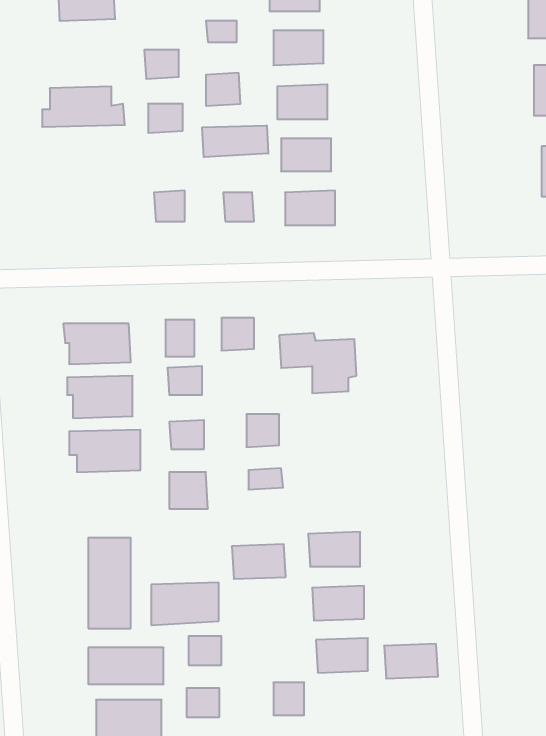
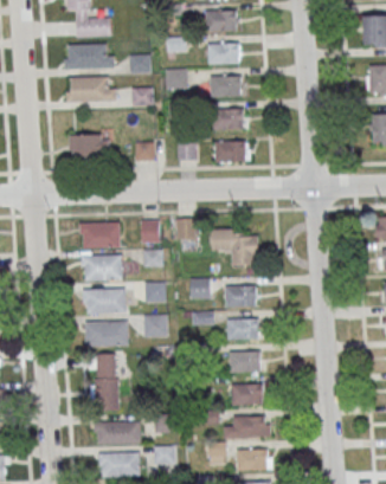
building: none -> [63,44,114,69]
building: [202,125,268,157] -> none
building: none -> [67,134,109,160]
building: none -> [224,285,257,308]
building: [232,544,286,579] -> [226,318,259,340]
building: [151,583,219,625] -> [85,321,127,347]
building: [384,644,438,679] -> [236,448,269,470]

